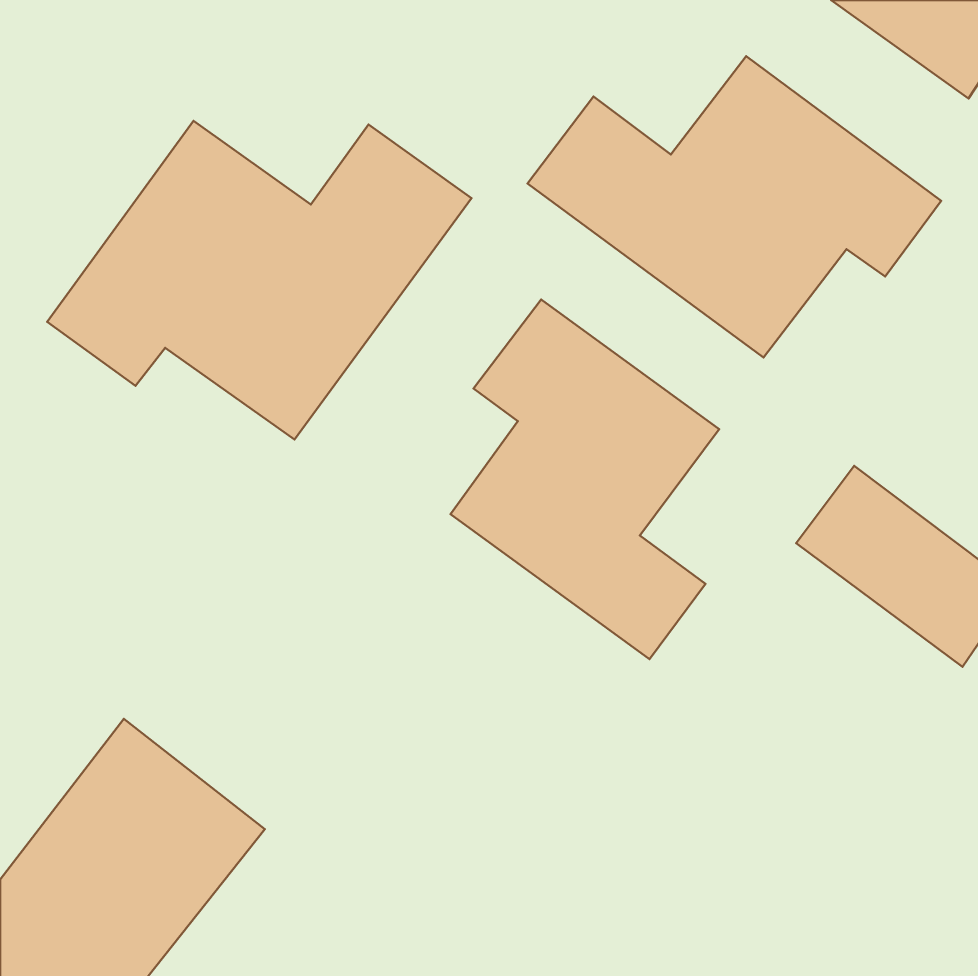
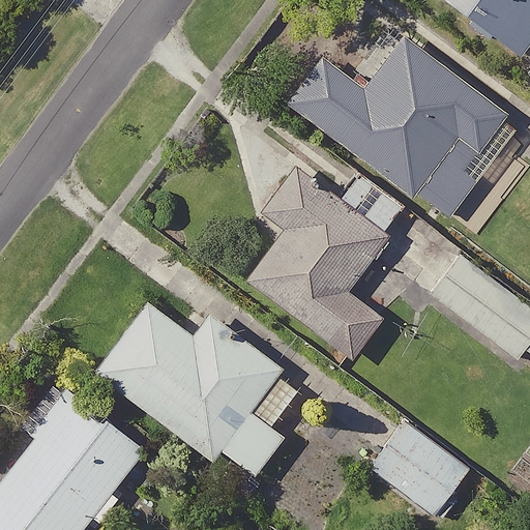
building: [47,121,472,439] -> none
building: none -> [95,302,284,462]
building: none -> [370,422,471,519]

